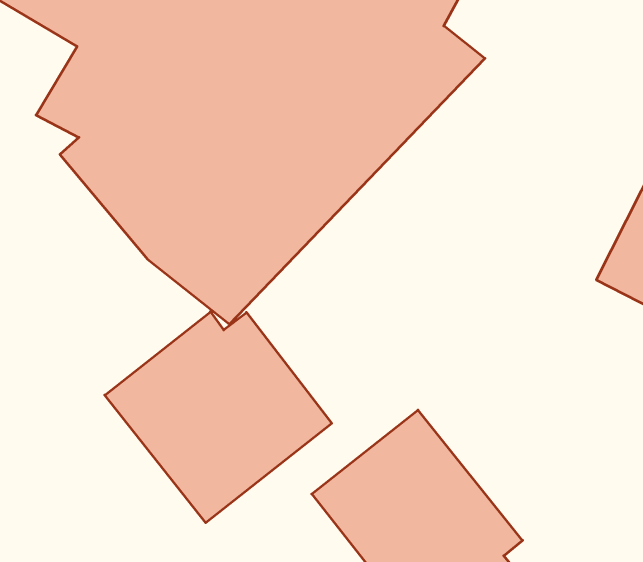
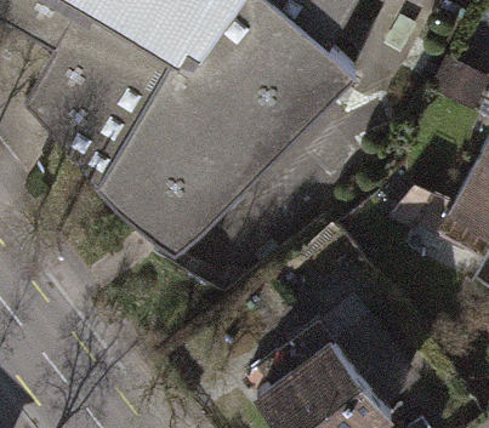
building: [105,312,332,523] -> none

